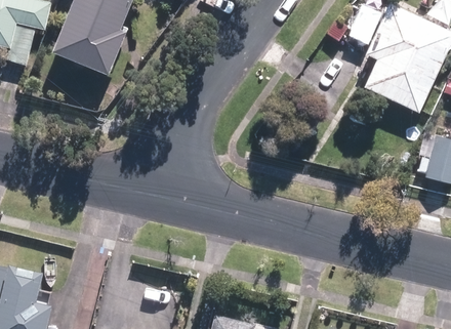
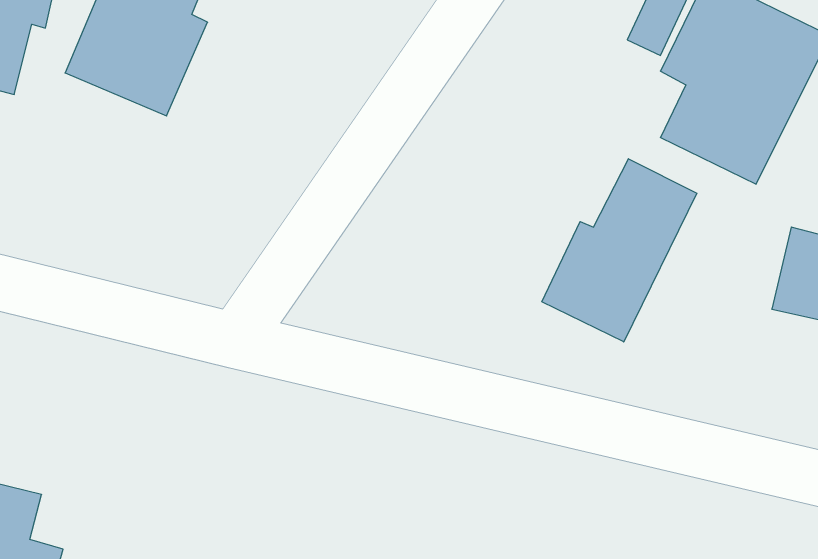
building: none -> [542,159,697,342]

